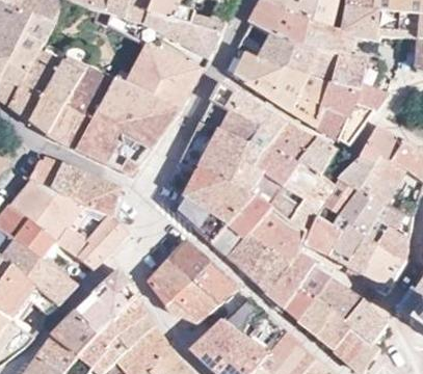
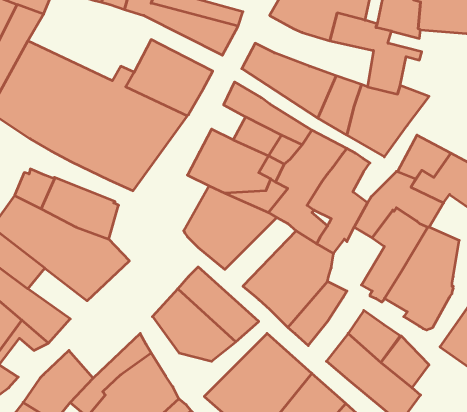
building: [236,32,338,84] -> none
building: [210,196,271,256] -> none
building: [302,205,347,256] -> none
building: [282,265,329,320] -> none
building: [76,269,137,335] -> none

